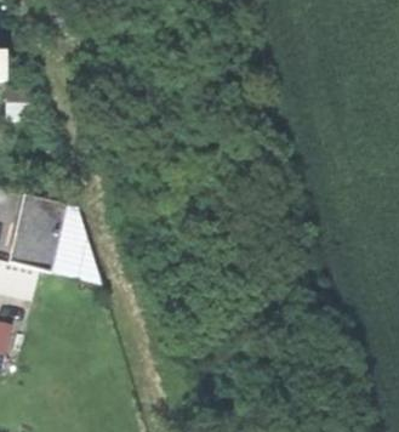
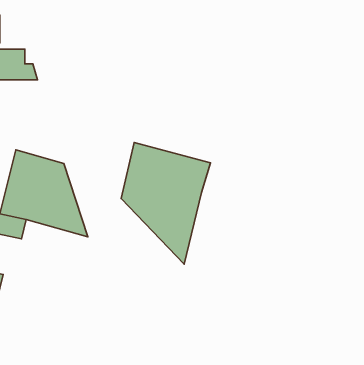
building: none -> [121,142,211,264]

